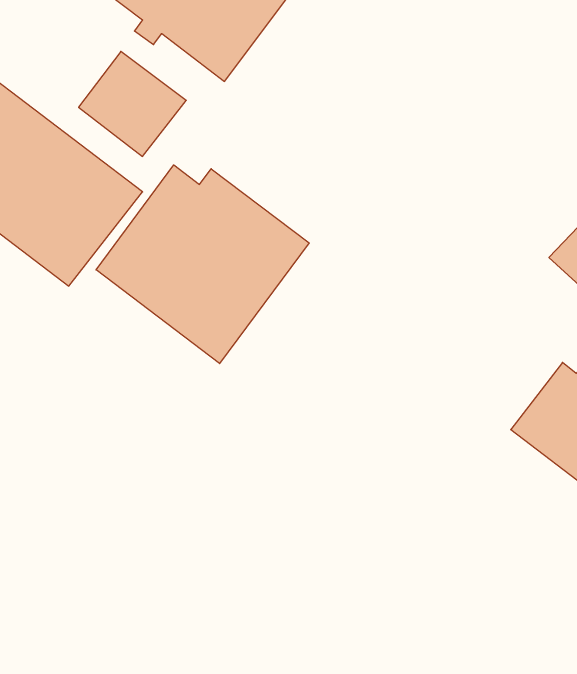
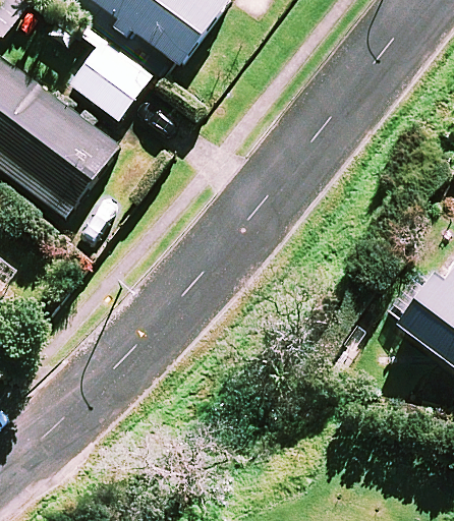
building: [96,165,309,364] -> none

